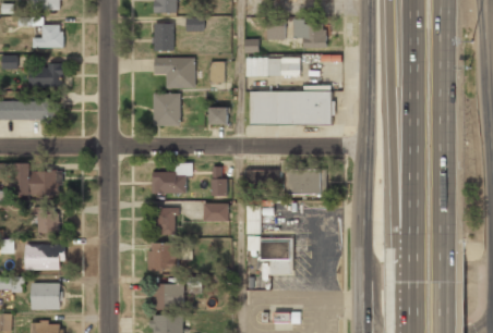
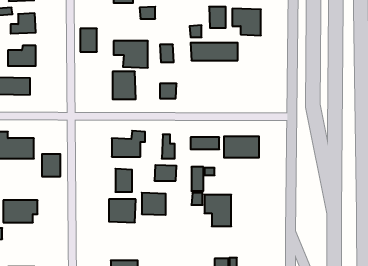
building: [153,23,172,50] -> [80,29,97,52]
building: [249,94,332,128] -> none
building: [36,206,58,232] -> [42,154,60,176]
building: [31,282,61,309] -> none
building: [154,283,182,309] -> [142,193,166,215]

